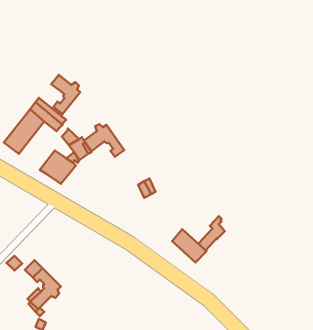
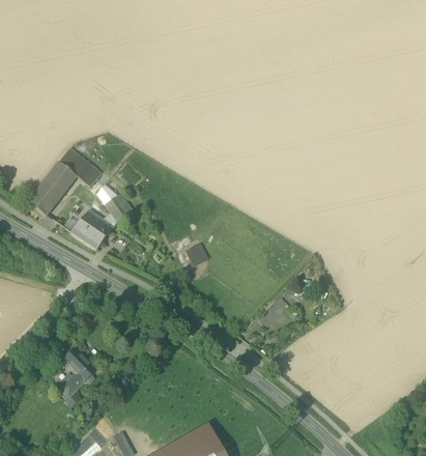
building: [51,75,80,114] -> none
building: [84,124,124,157] -> none
building: [172,229,206,263] -> none

